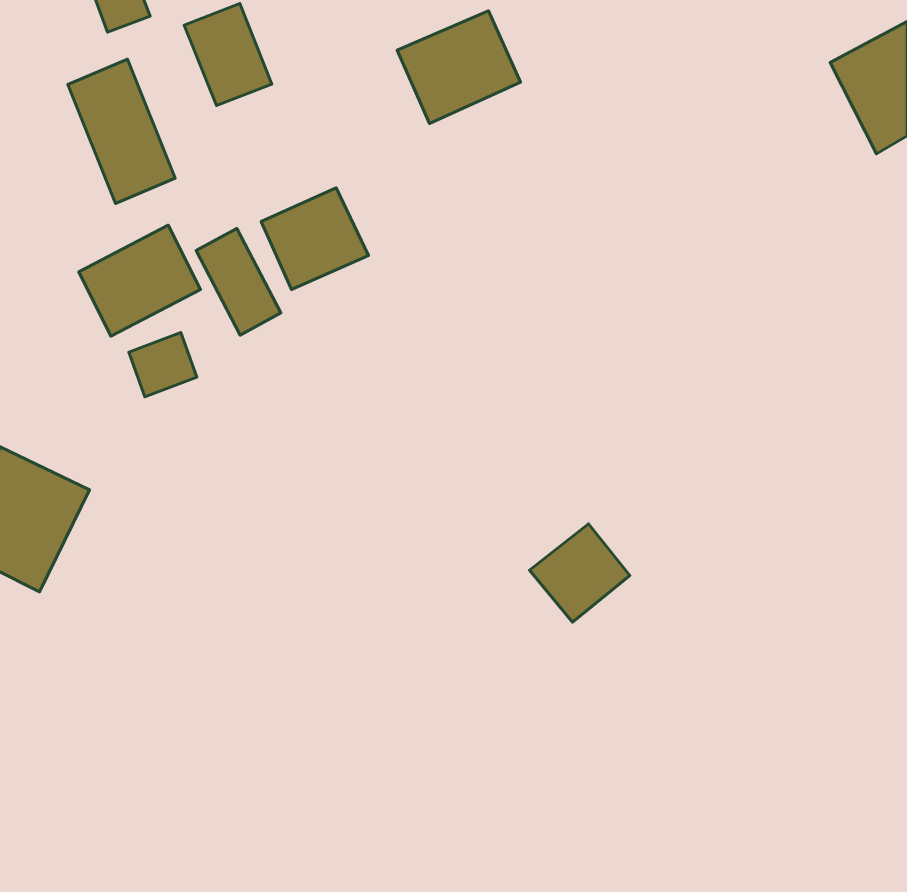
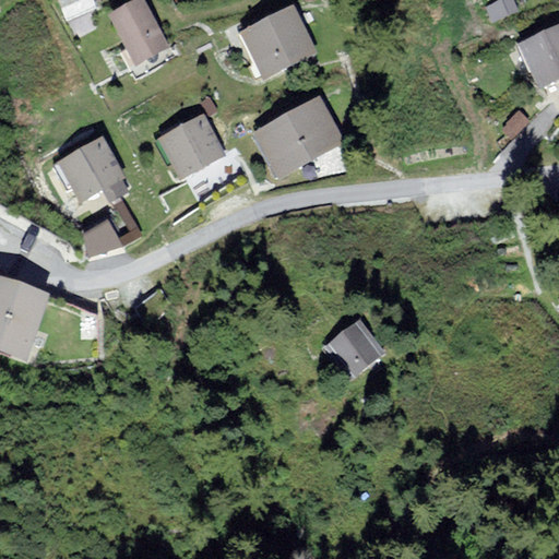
building: [68,59,175,204] -> none
building: none -> [251,92,346,177]
building: [196,228,281,335] -> none

